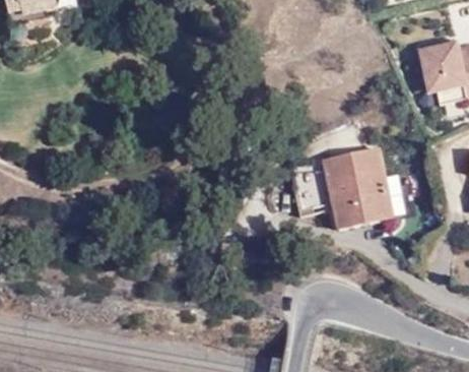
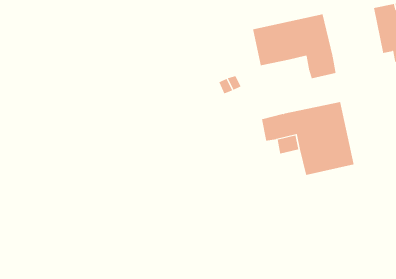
building: none -> [253,13,336,79]

